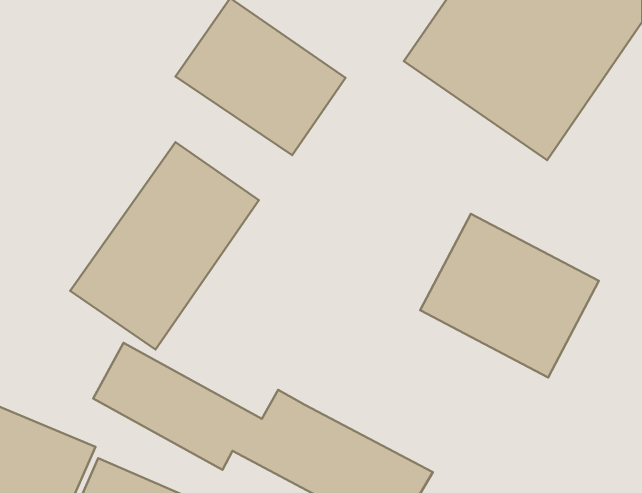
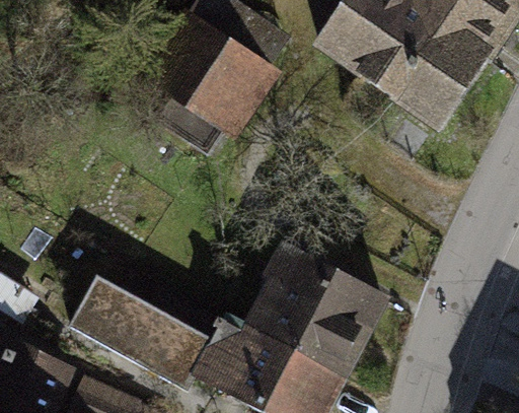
building: [70,142,259,350] -> none
building: [420,214,599,377] -> [244,252,387,383]

